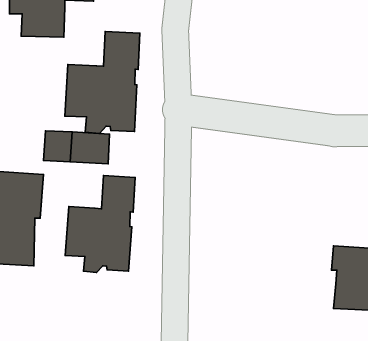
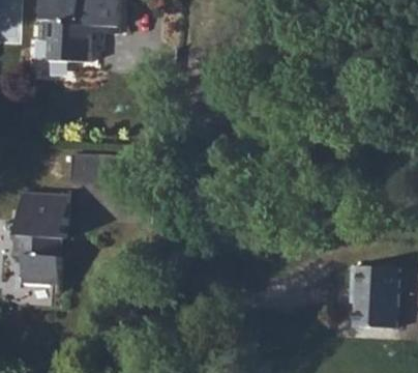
building: [65,31,140,133] -> none
building: [65,175,135,273] -> none

